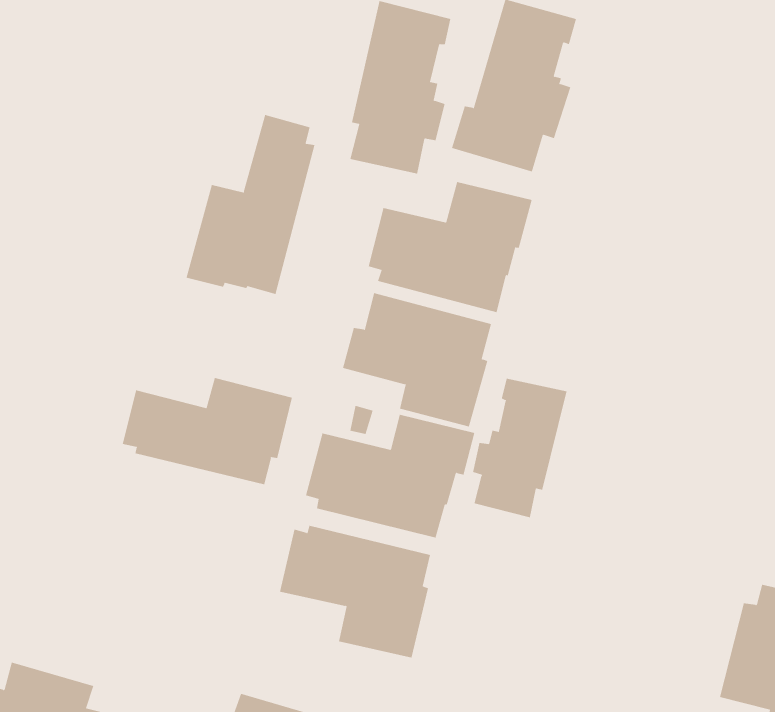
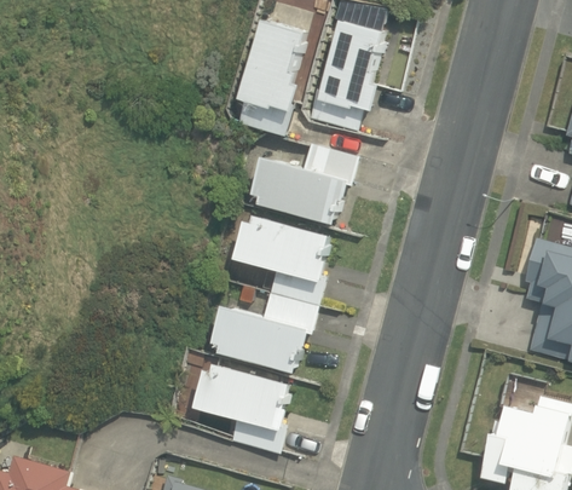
building: [186,114,315,295] -> none
building: [122,377,293,485] -> none
building: [472,378,567,518] -> none

